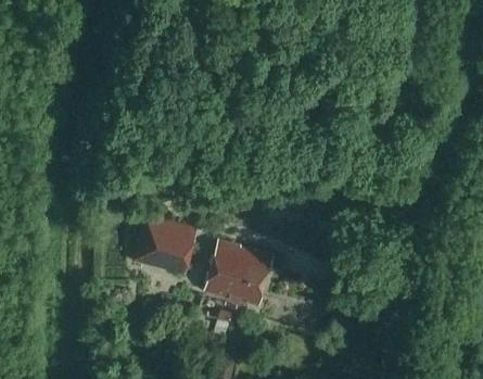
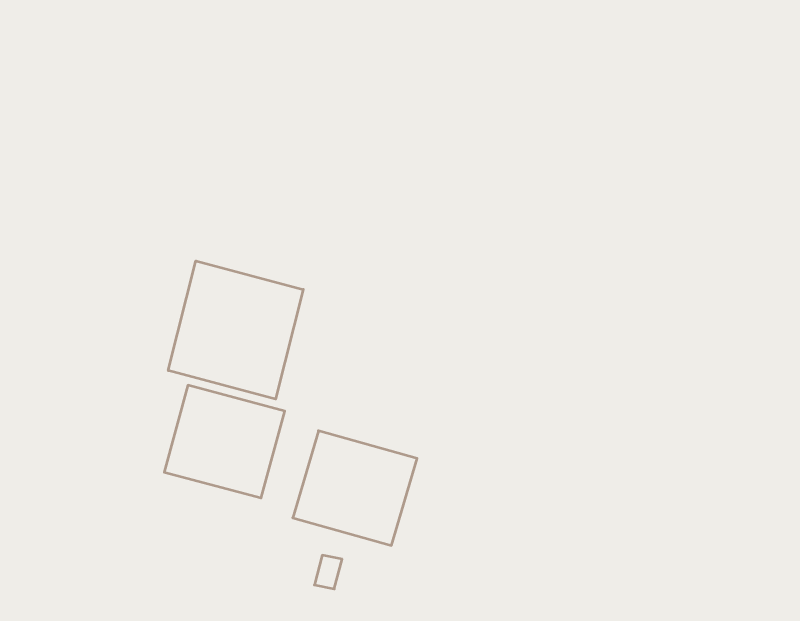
building: none -> [168,261,303,399]

